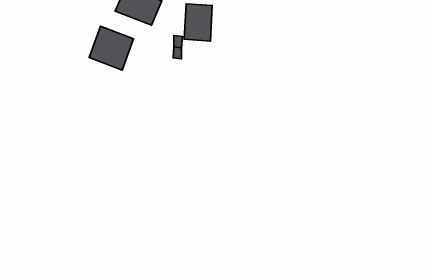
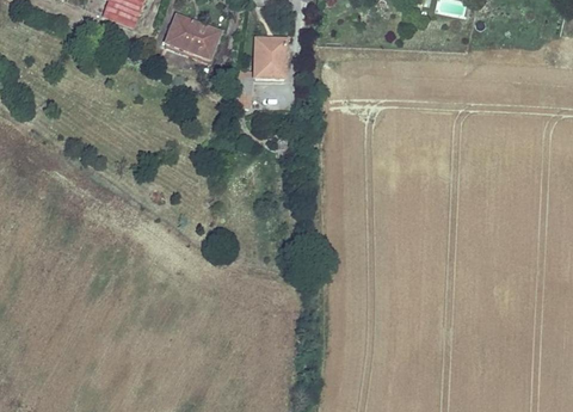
building: [89,26,134,70] -> none

